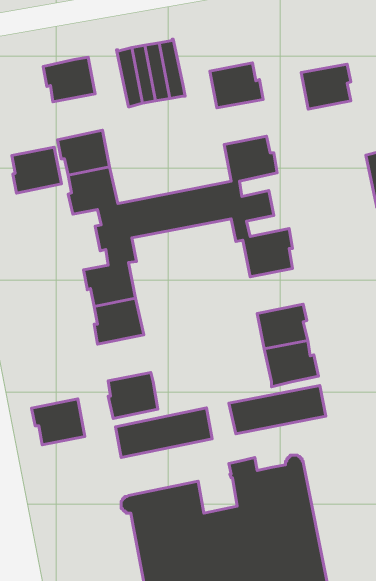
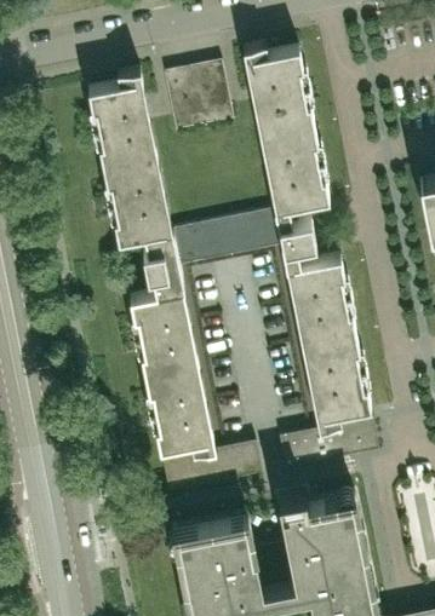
building: none -> [252,46,303,93]
building: [301,64,351,109] -> [267,122,317,168]
building: [12,147,61,193] -> [98,116,149,163]
building: none -> [301,295,355,341]
building: [32,399,85,445] -> [144,363,199,410]

